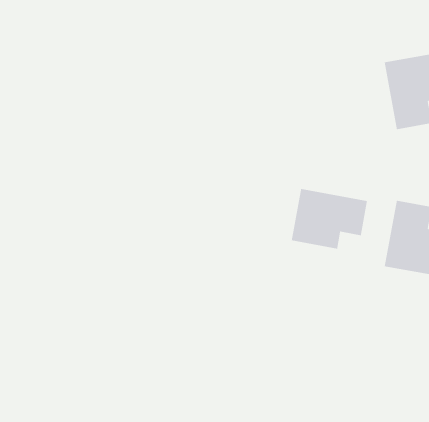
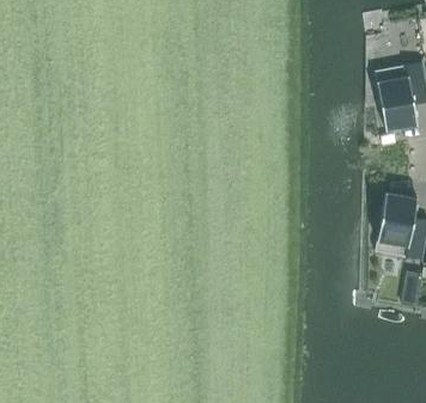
building: [291,188,368,249] -> none

